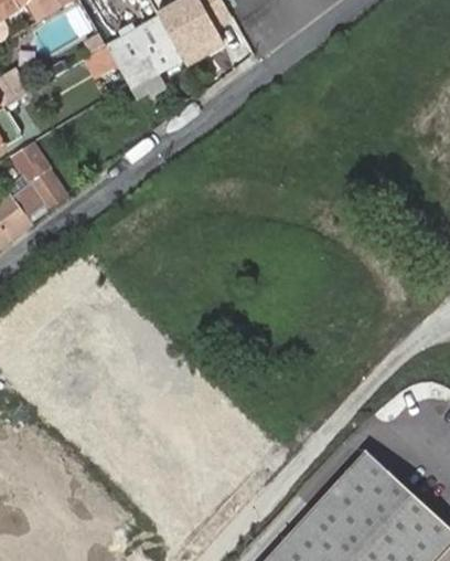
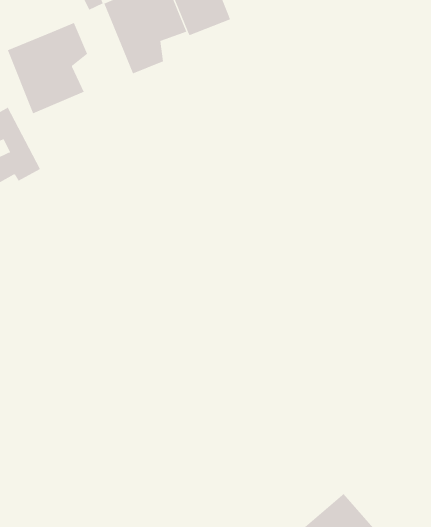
building: none -> [7,22,88,114]

